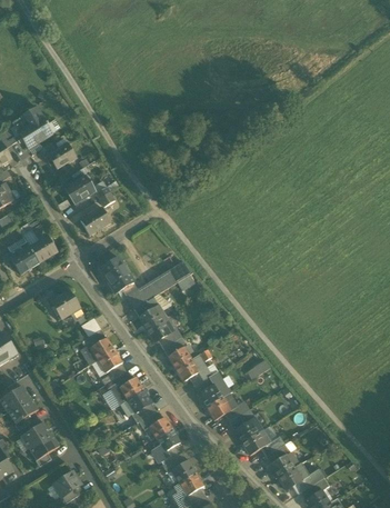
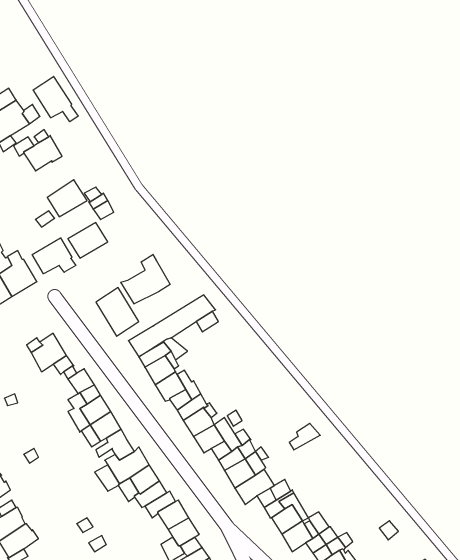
building: none -> [33,76,78,122]
building: none -> [32,238,76,274]
building: none -> [121,254,170,304]

